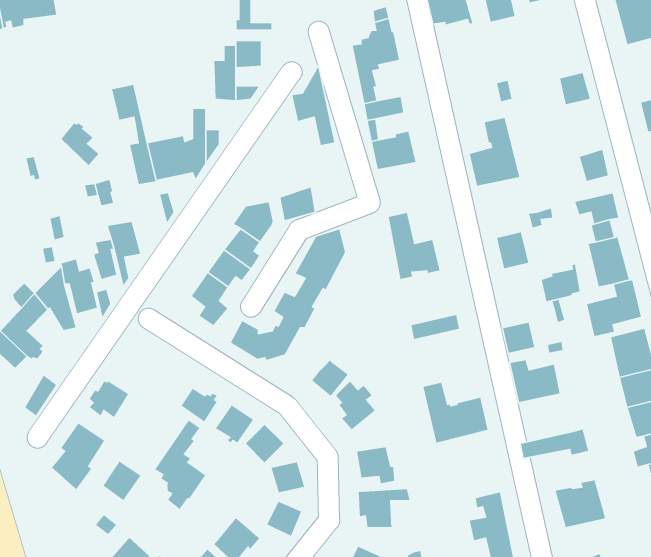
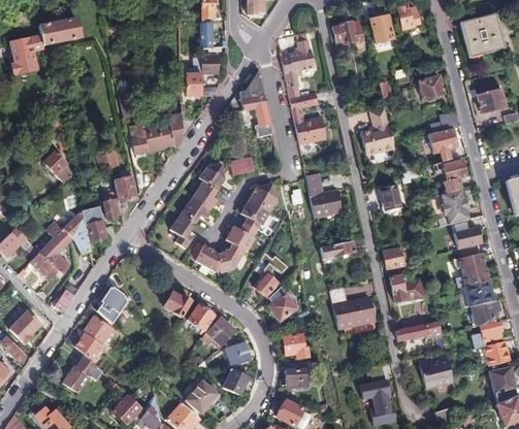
building: [60,122,99,166] -> [44,151,71,180]
building: [541,263,581,302] -> none
building: [154,419,206,510] -> none
building: [102,460,142,501] -> [63,364,90,392]

